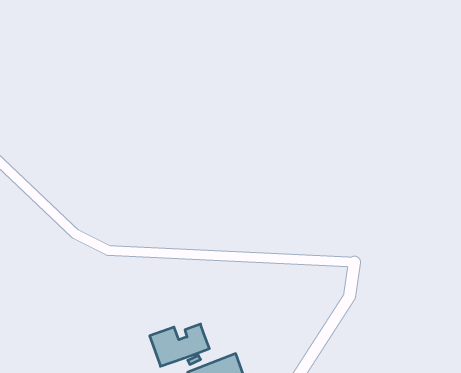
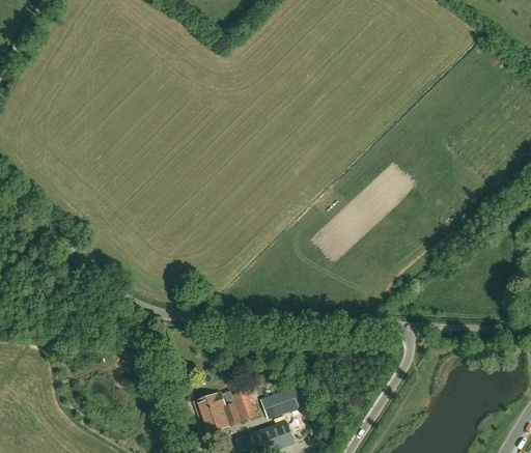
building: none -> [262,386,306,418]

